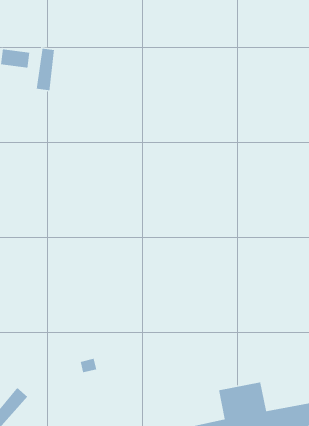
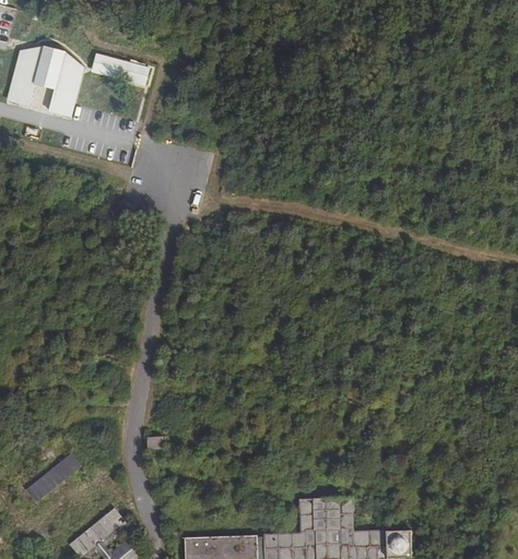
building: [36,48,55,91] -> none

